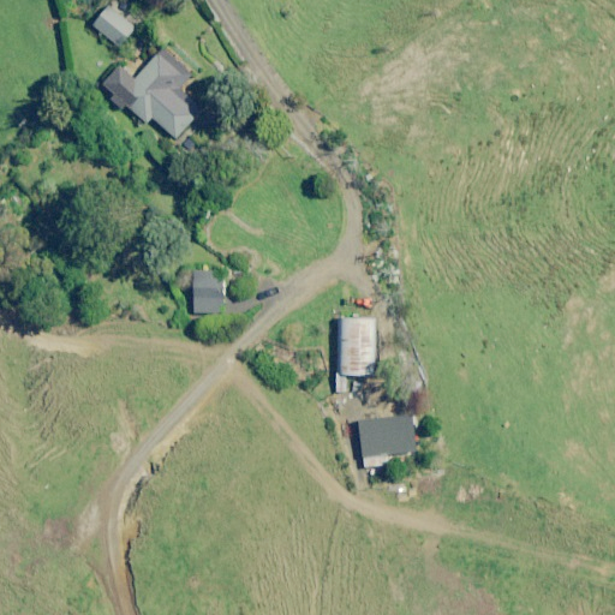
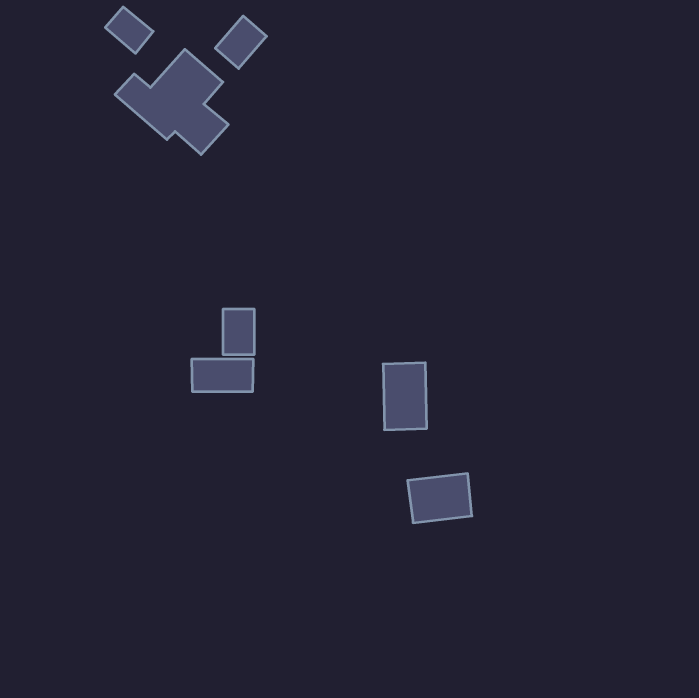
building: none -> [215,16,267,69]
building: none -> [192,359,253,392]

